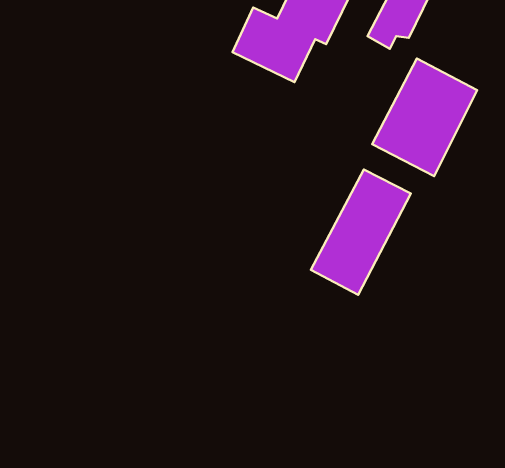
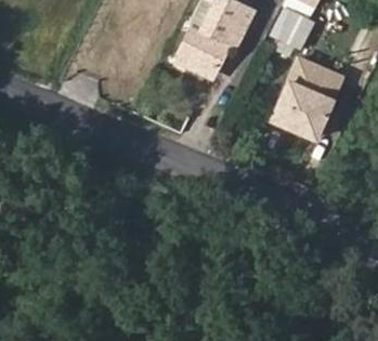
building: [311,170,411,295] -> none

